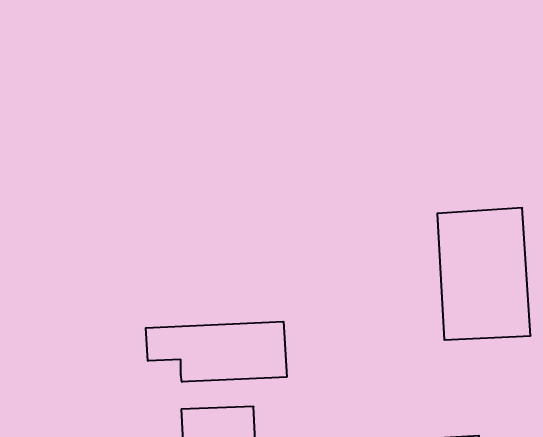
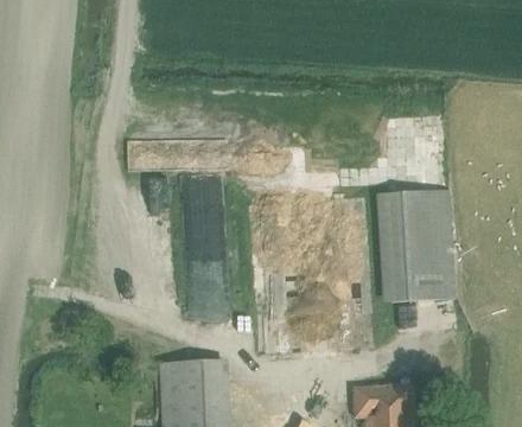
building: [146,322,287,382] -> none

